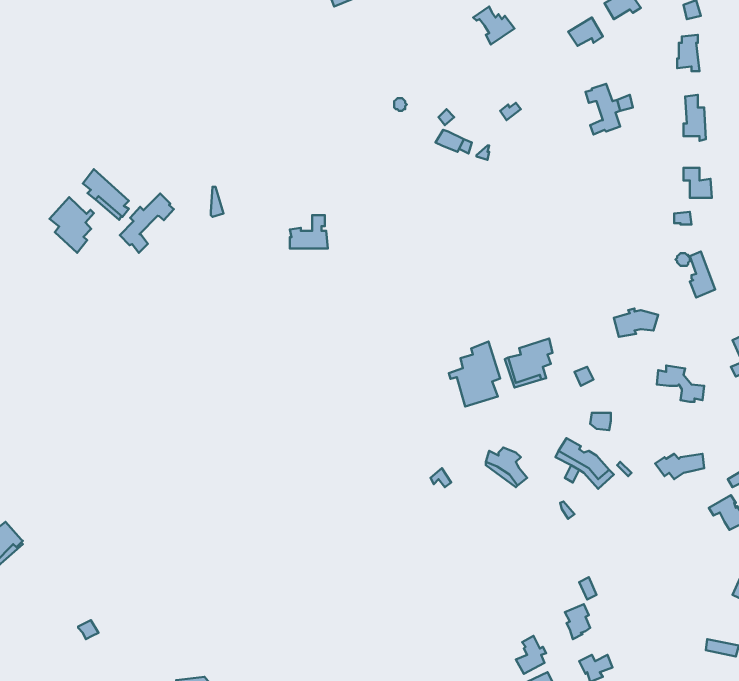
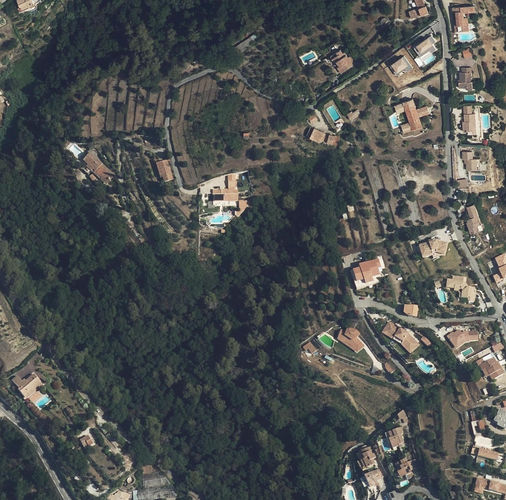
building: [120,193,174,253] -> none
building: [49,197,94,253] -> none
building: [449,342,500,407] -> none

